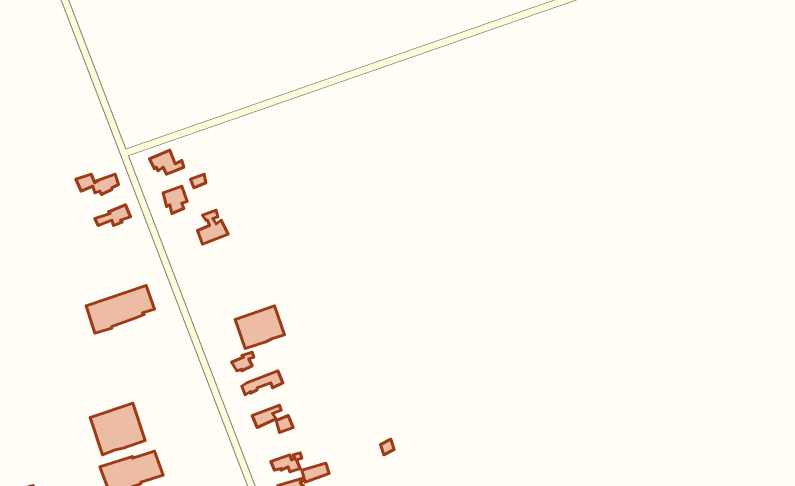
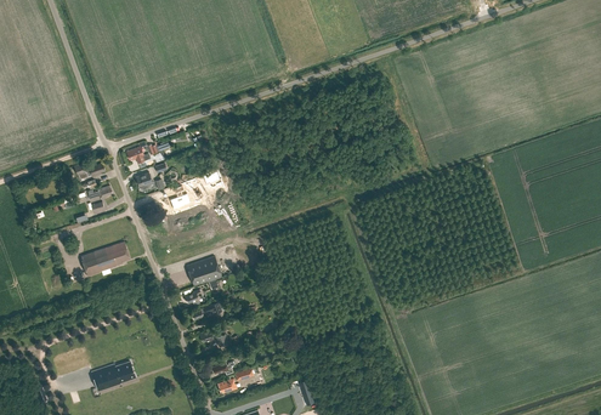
building: [90,403,145,455] -> none

